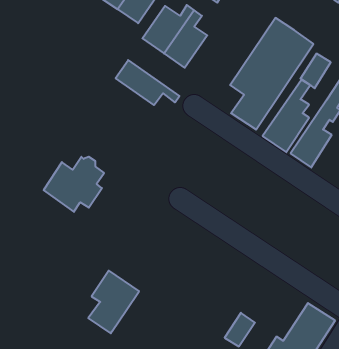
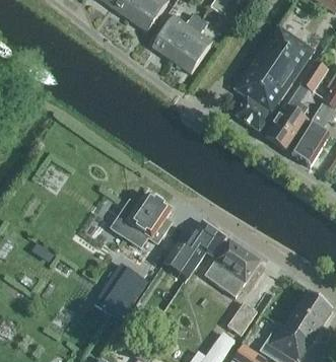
building: [116,60,179,105] -> none
building: [44,157,104,212] -> [114,194,171,245]
building: none -> [164,220,224,277]
building: none -> [204,238,260,296]

